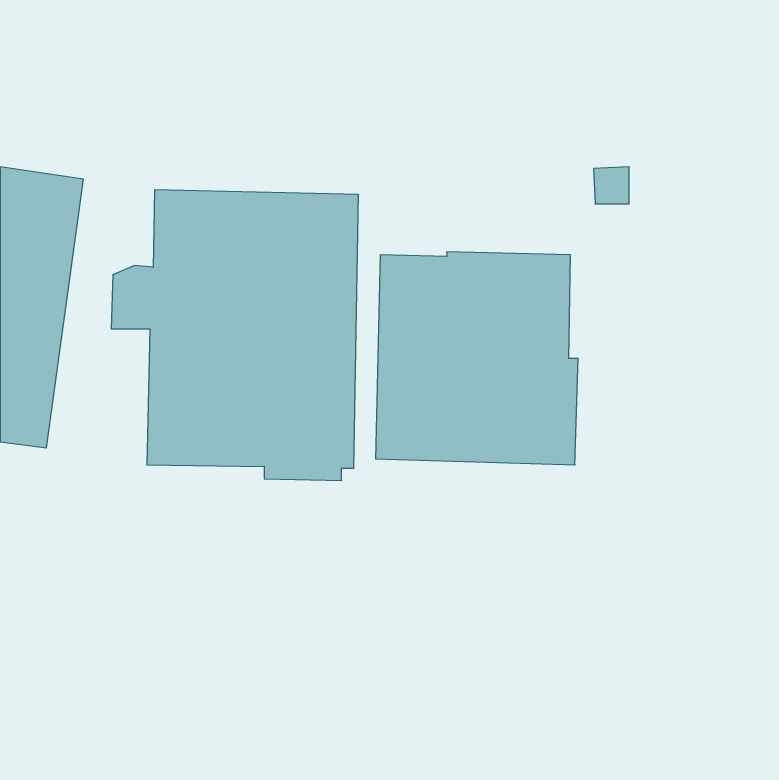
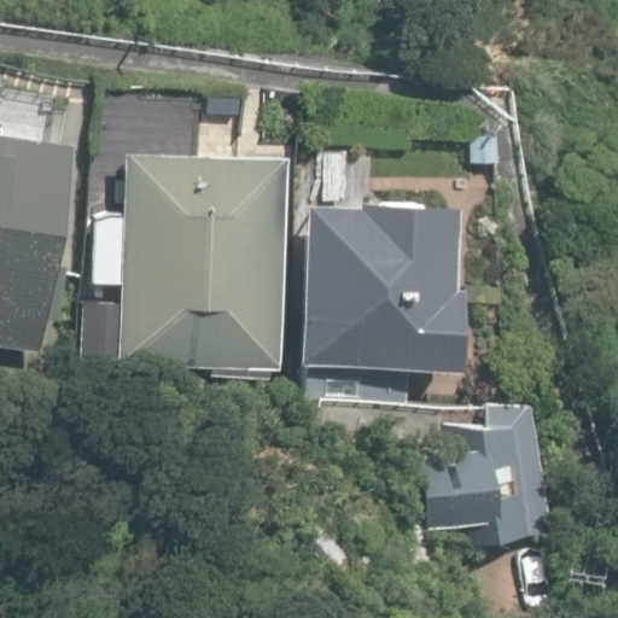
building: none -> [408,401,550,547]

